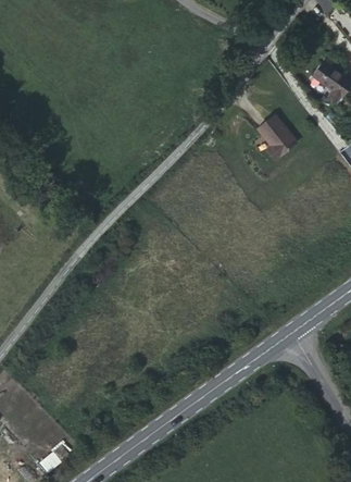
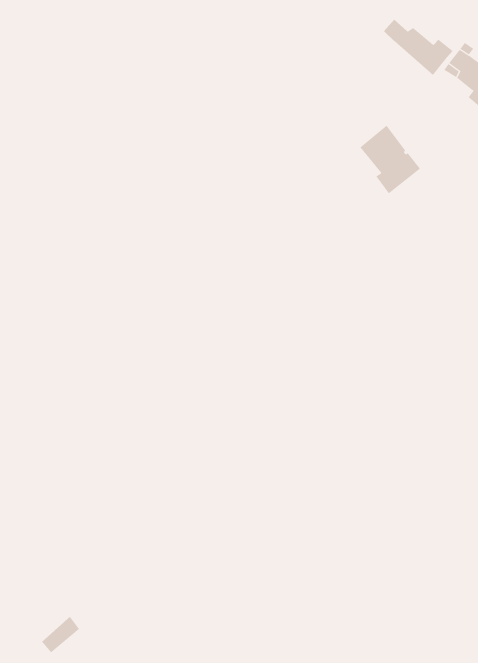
building: none -> [383,19,453,76]

